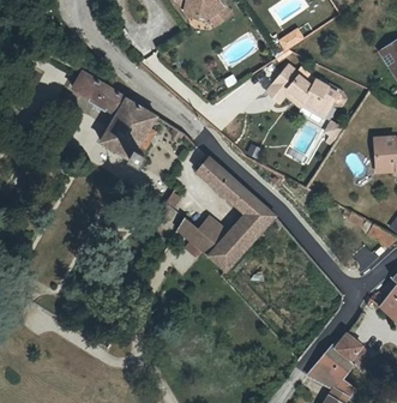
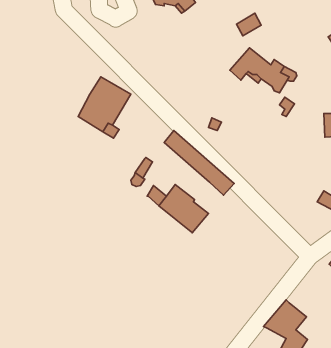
building: [71,68,126,115] -> none
building: [229,213,263,248] -> none
building: [336,335,367,367] -> none

